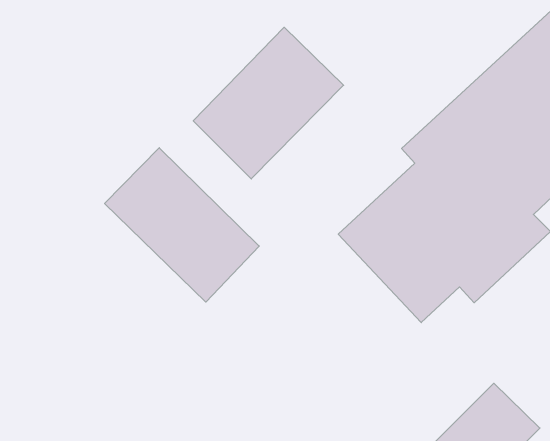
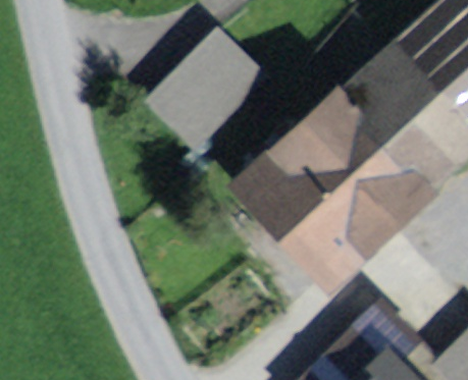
building: [105,148,259,302] -> none

